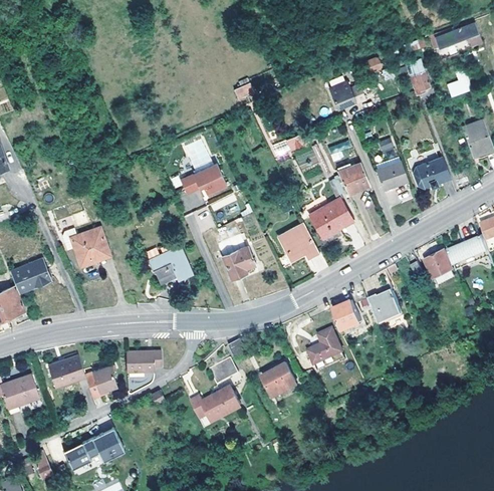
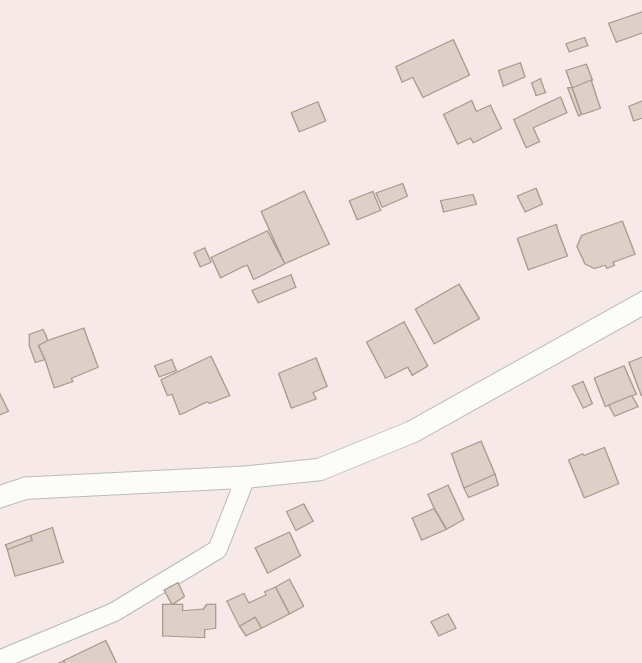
building: none -> [396,40,470,98]
building: none -> [514,97,567,148]
building: none -> [261,191,329,264]
building: [337,163,369,194] -> none
building: [368,288,401,320] -> [568,448,619,498]
building: [127,351,161,373] -> [162,605,216,638]
building: [261,362,297,397] -> none
building: [84,365,116,399] -> none

